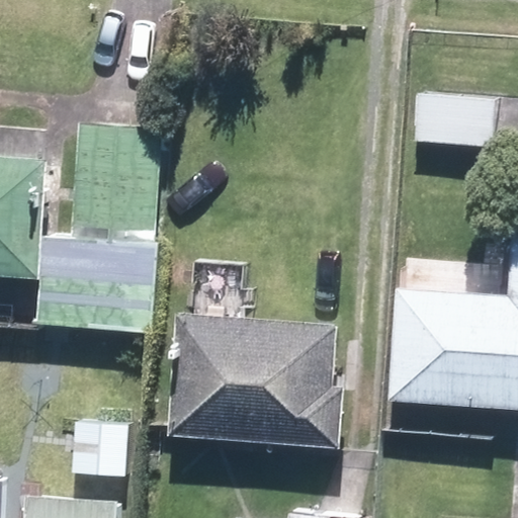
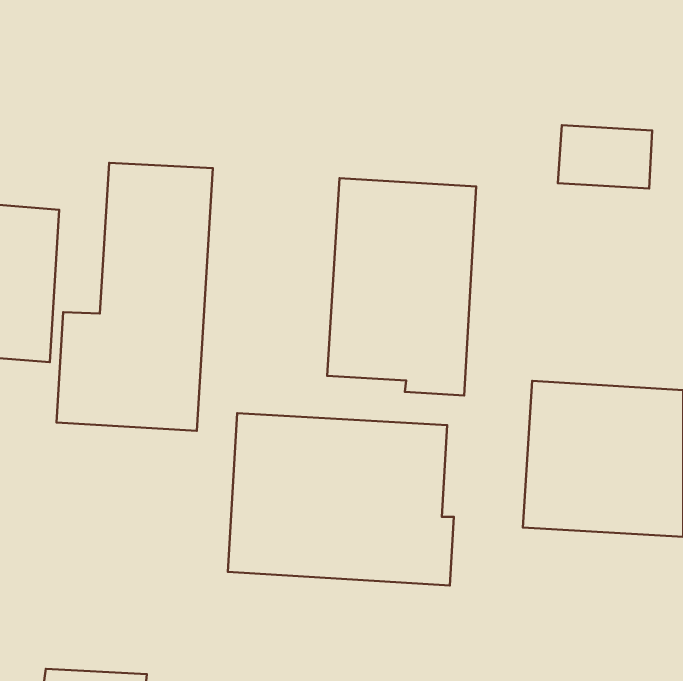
building: none -> [327,178,476,395]

